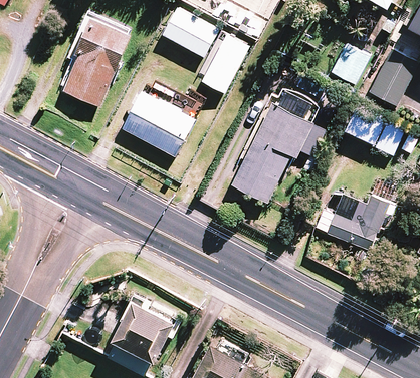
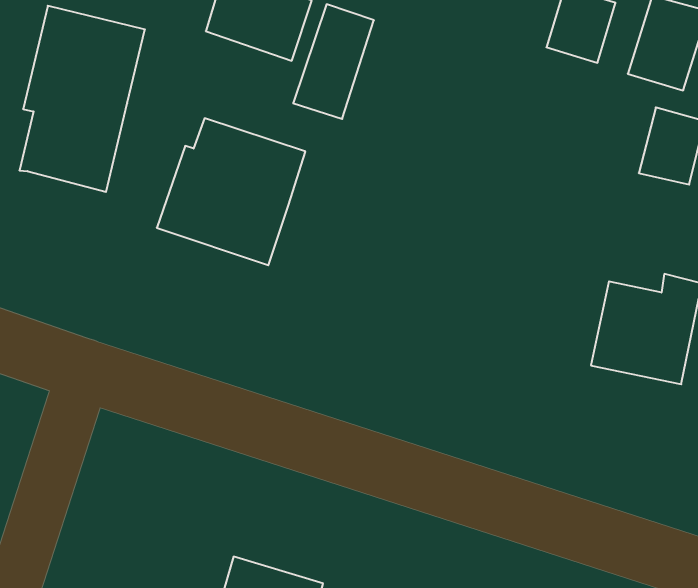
building: [230,88,327,204] -> none

